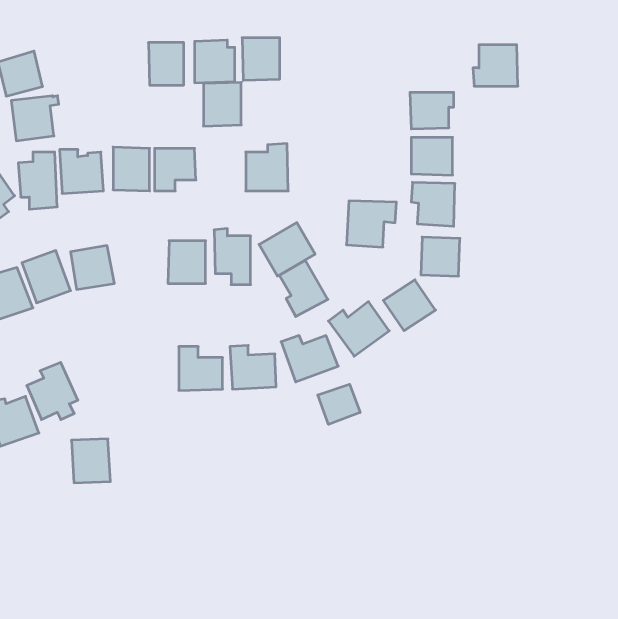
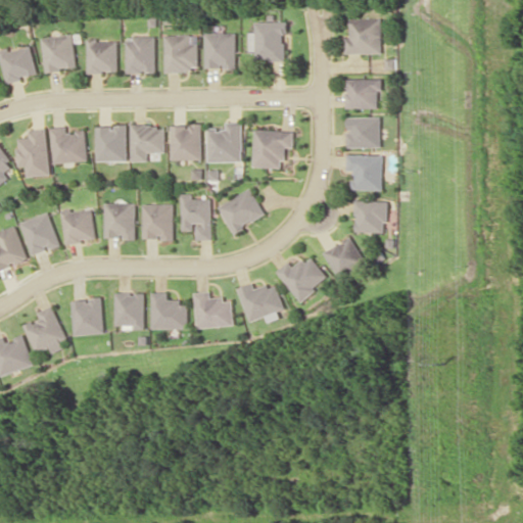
building: none -> [254,22,285,62]
building: [473,45,518,86] -> [343,19,381,54]
building: none -> [86,41,117,74]
building: [203,82,241,126] -> [170,125,201,161]
building: [11,96,59,141] -> [40,35,80,73]
building: [346,201,396,247] -> [251,131,293,170]
building: none -> [103,203,135,240]
building: [280,261,328,317] -> none
building: none -> [113,293,144,329]
building: [318,384,360,424] -> none
building: [71,439,110,483] -> [70,299,103,336]

